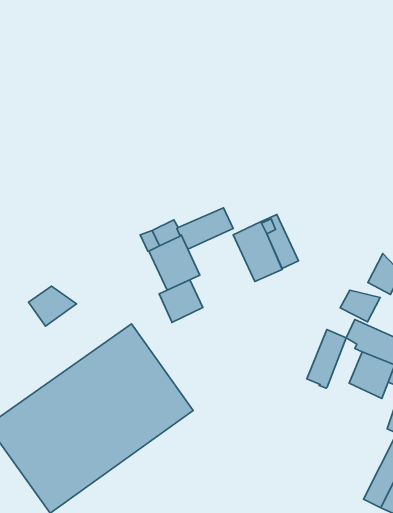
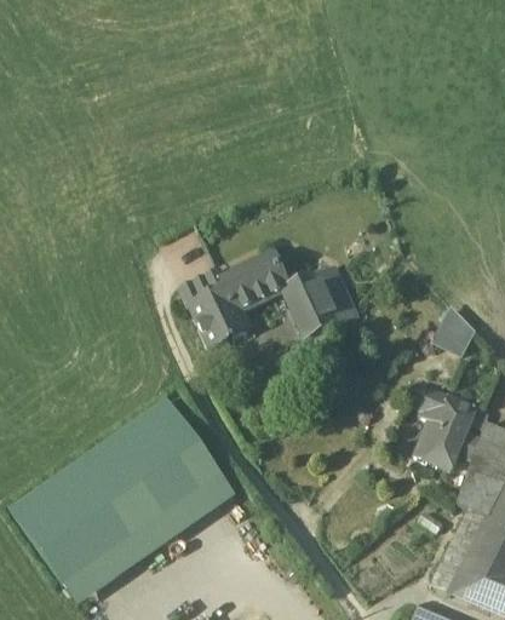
building: [159,280,203,322] -> none
building: [28,286,77,326] -> none
building: [340,290,380,322] -> none
building: [307,330,346,388] -> none

